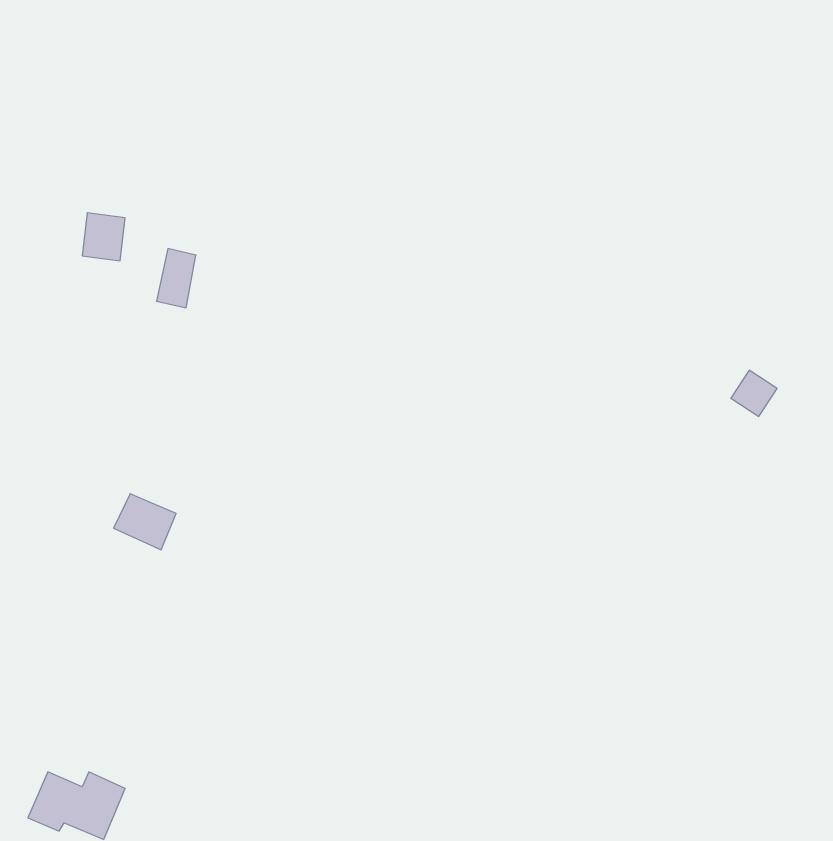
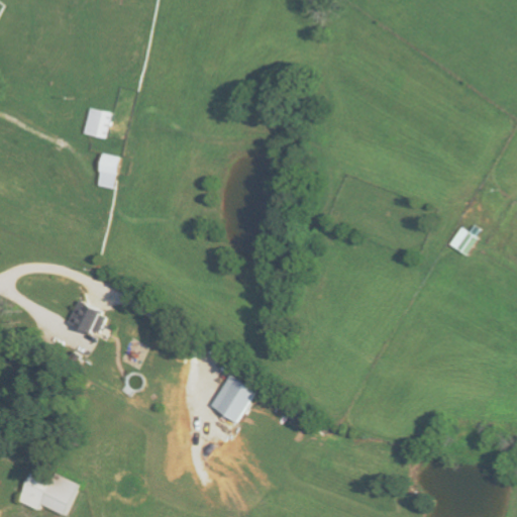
building: [82,213,125,261] -> [84,108,110,137]
building: none -> [209,375,255,423]

